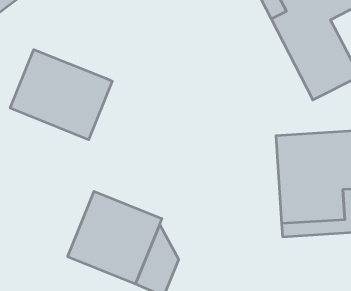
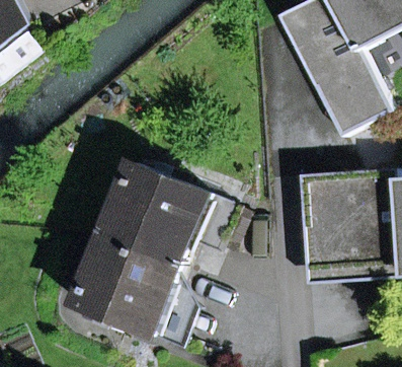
building: [10,50,112,140] -> none
building: none -> [104,163,235,263]

